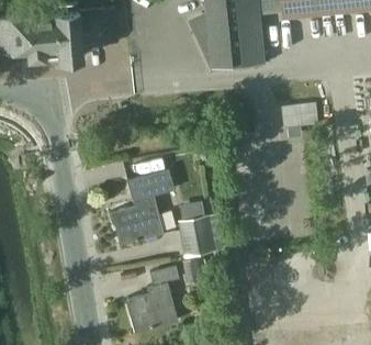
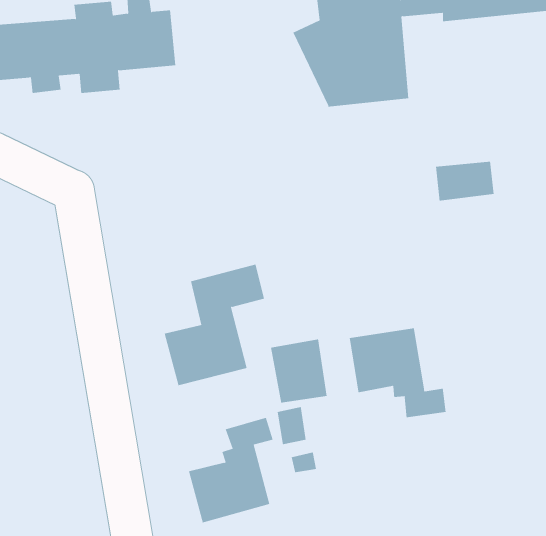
building: none -> [349,327,446,418]

